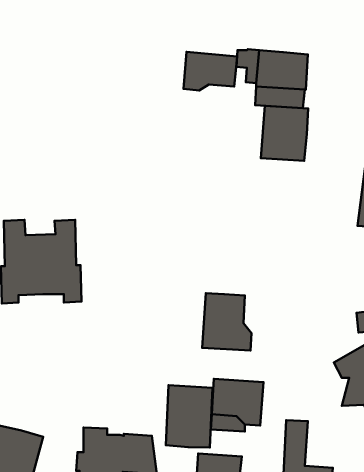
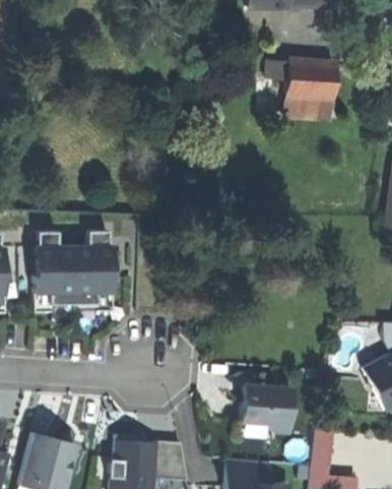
building: [183,52,237,90] -> none
building: [261,106,308,161] -> none
building: [202,293,252,350] -> none
building: [166,385,212,448] -> none

